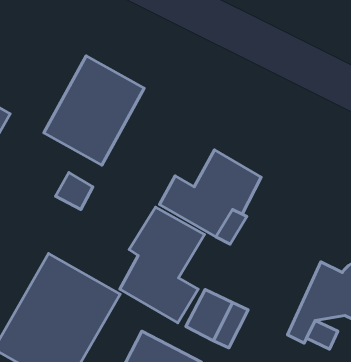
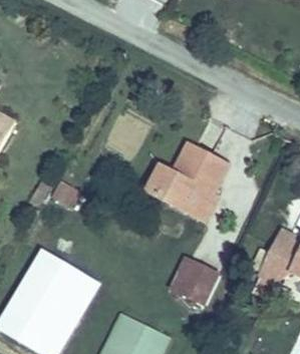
building: [44,56,144,165] -> none
building: [120,207,204,323] -> none

